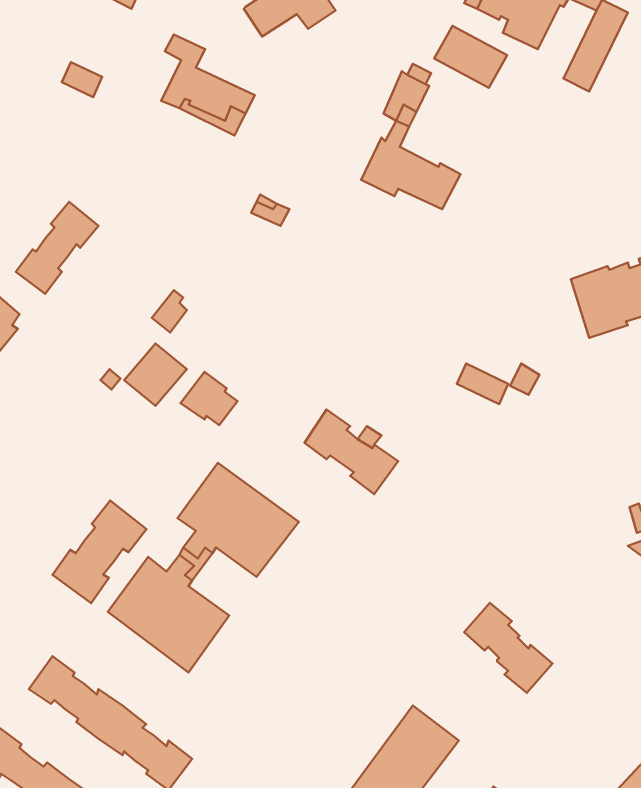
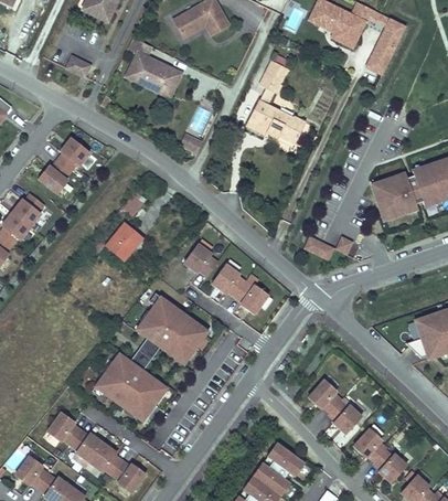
building: [434,26,507,88] -> none
building: [181,372,238,425] -> [183,244,217,276]
building: [53,501,147,603] -> none
building: none -> [353,428,406,482]

